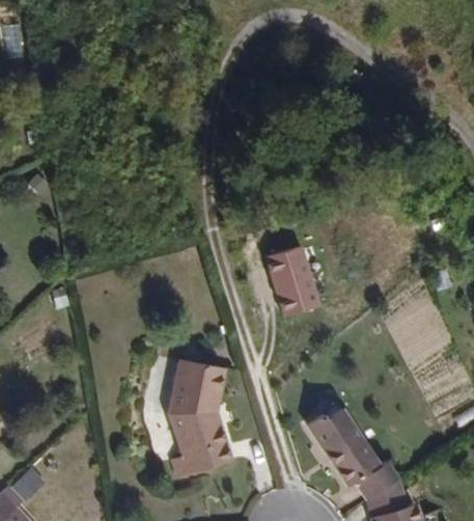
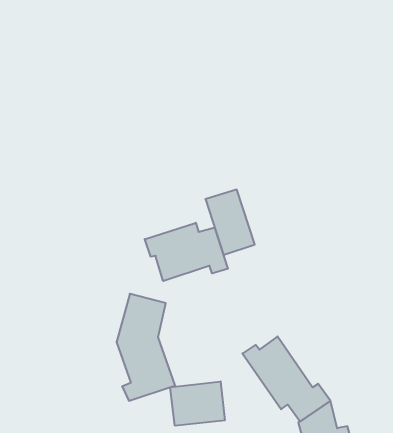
building: none -> [145,223,228,281]
building: none -> [170,381,225,426]

